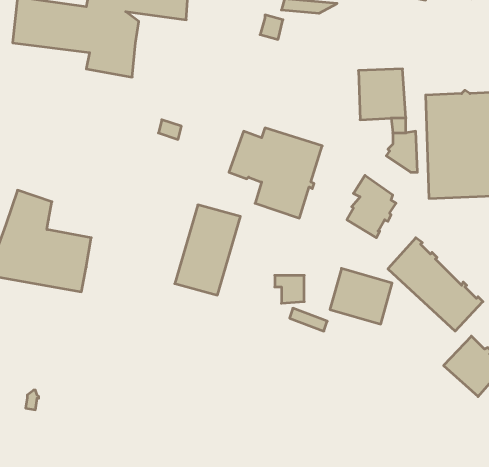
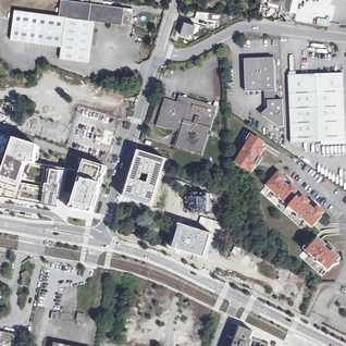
building: none -> [73,159,108,211]
building: [330,268,392,324] -> [171,223,212,260]

